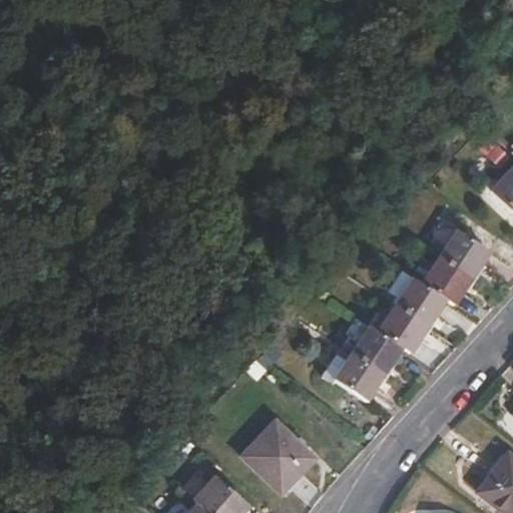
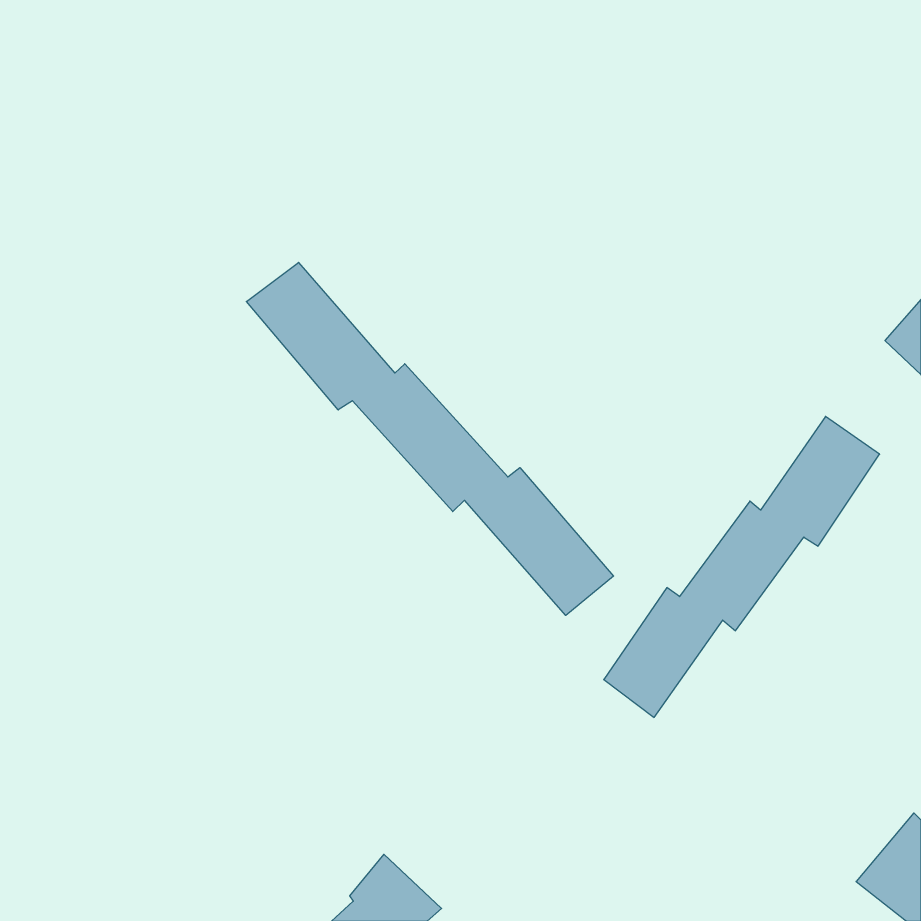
building: none -> [246,262,614,615]
building: [240,420,313,492] -> none

